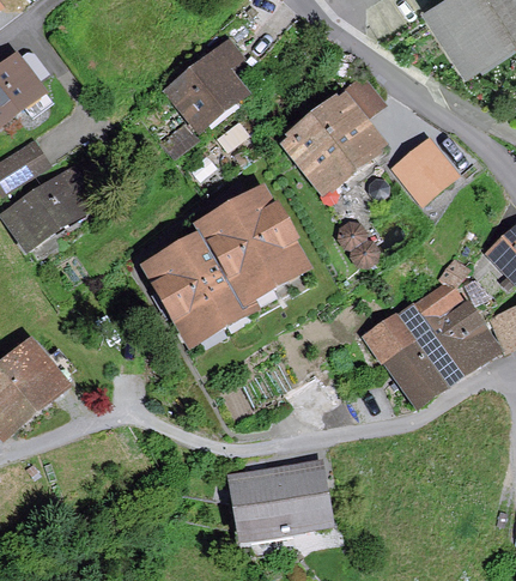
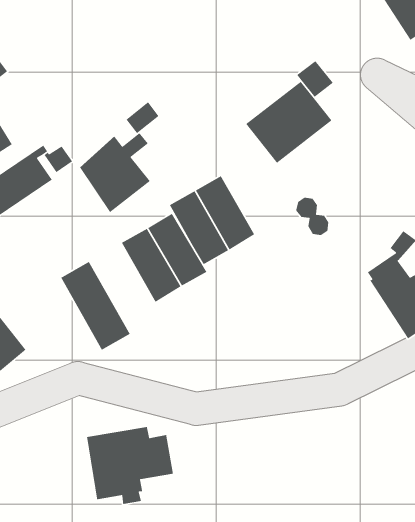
building: [164,43,239,128] -> [79,132,151,213]
building: [397,144,454,201] -> none
building: none -> [60,261,131,351]
building: [365,313,459,401] -> none
building: [235,472,327,555] -> [86,426,174,505]

